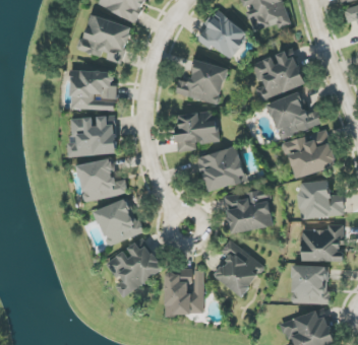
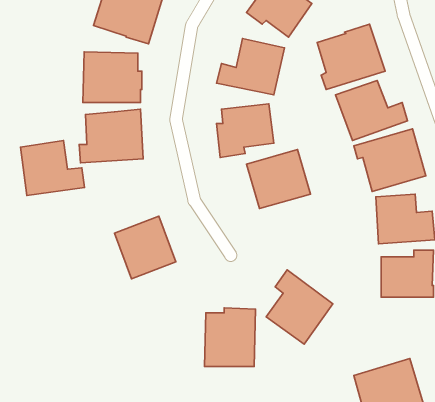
building: [78,158,128,201] -> [20,141,84,195]
building: [224,189,274,233] -> none
building: [106,237,164,297] -> none
building: [291,265,329,304] -> none

